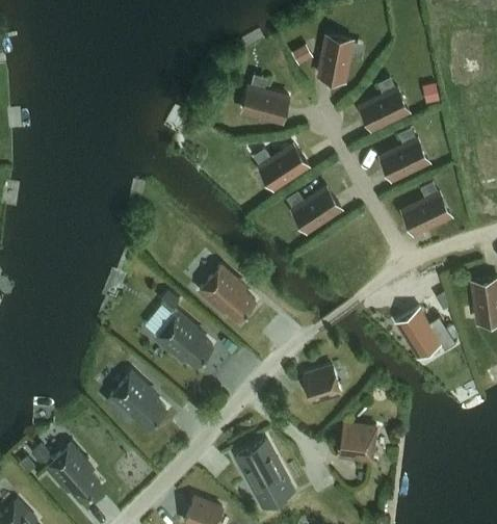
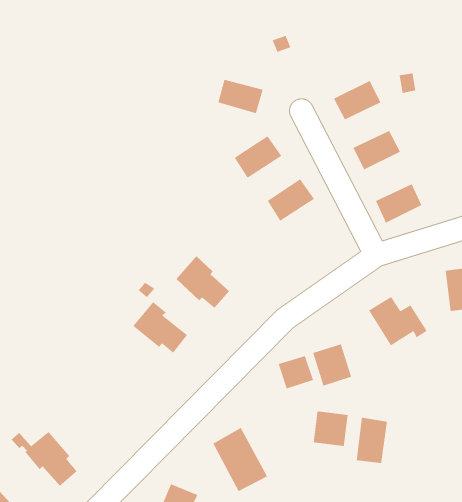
building: [319,36,351,82] -> none
building: none -> [312,343,352,387]
building: [110,373,165,428] -> none
building: none -> [356,417,387,464]

